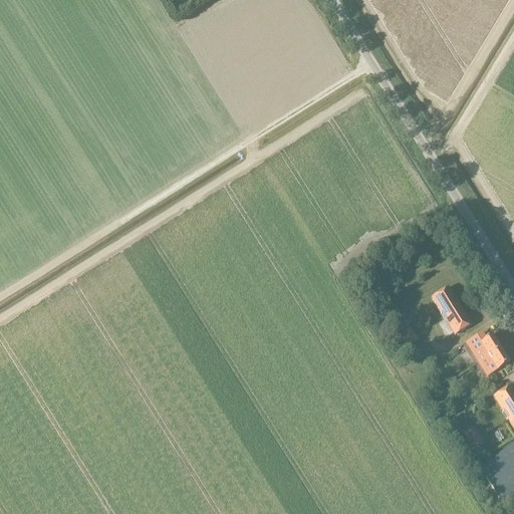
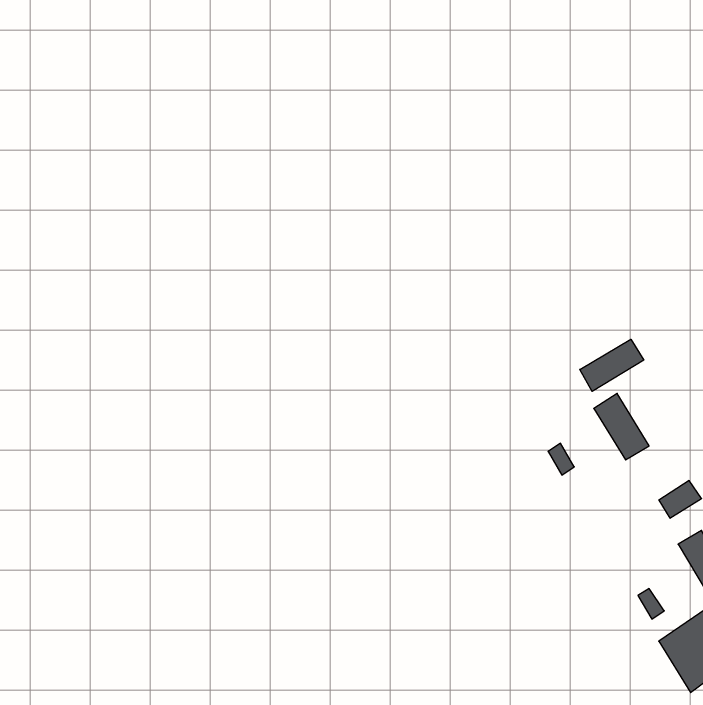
building: none -> [580,339,644,391]
building: [468,330,503,362] -> none

